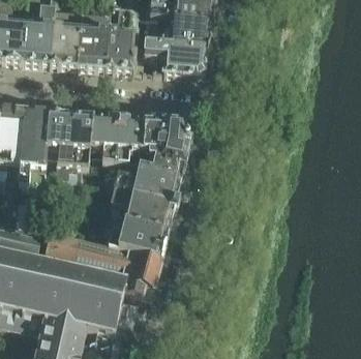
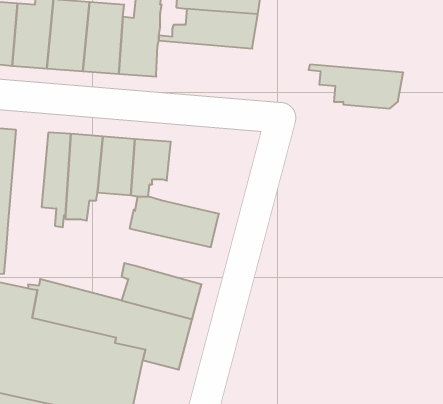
building: [134,39,208,73] -> [309,65,403,108]
building: [19,109,50,184] -> none
building: [138,118,192,174] -> none
building: [110,185,176,229] -> none

